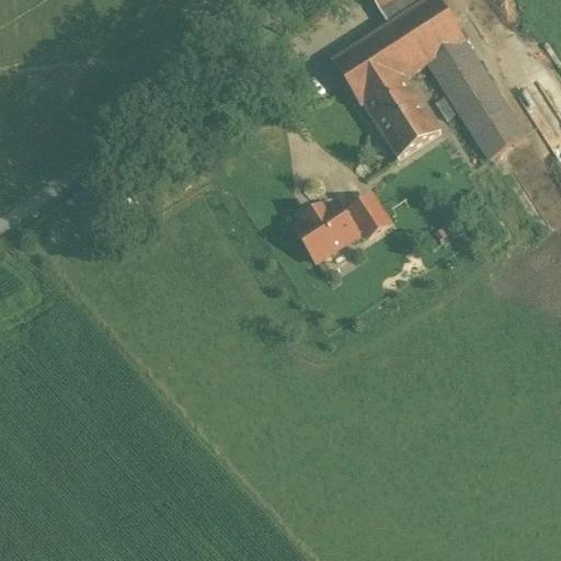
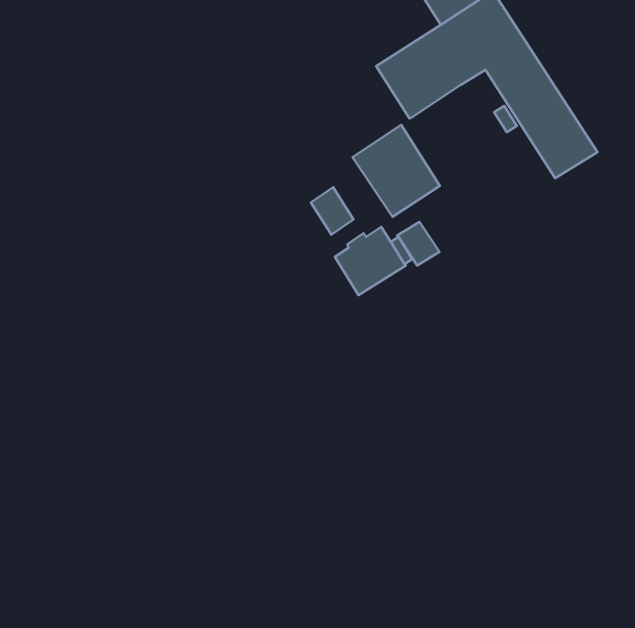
building: [363,75,439,156] -> [353,125,440,217]
building: none -> [311,187,354,235]

